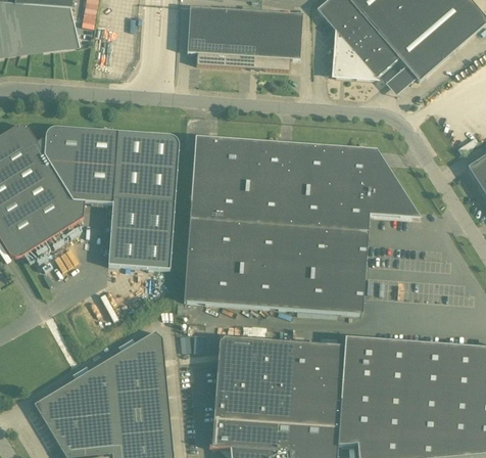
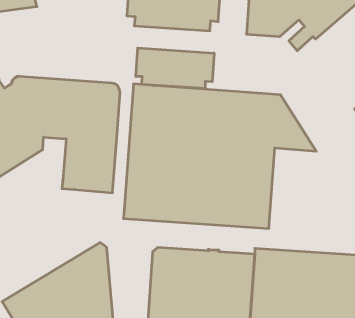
building: none -> [136,48,214,89]

